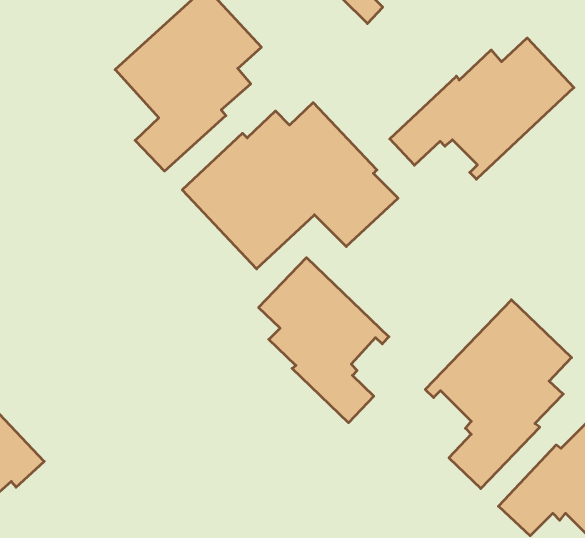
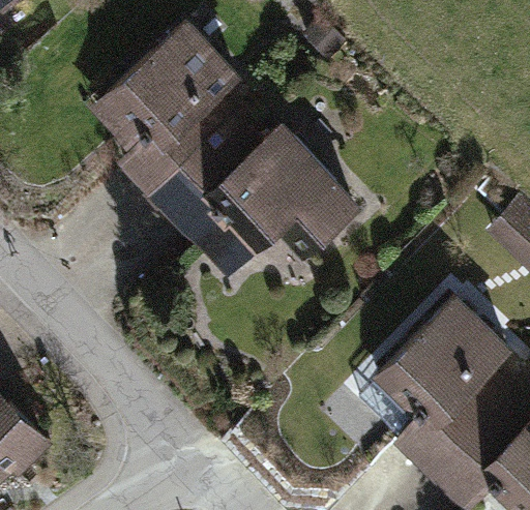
building: [390,38,574,179] -> none
building: [259,258,389,423] -> none

